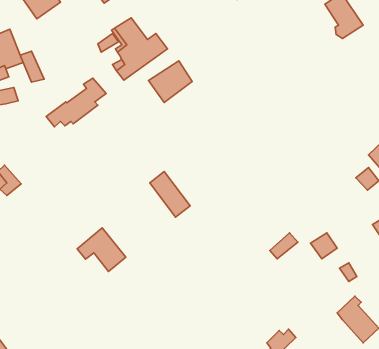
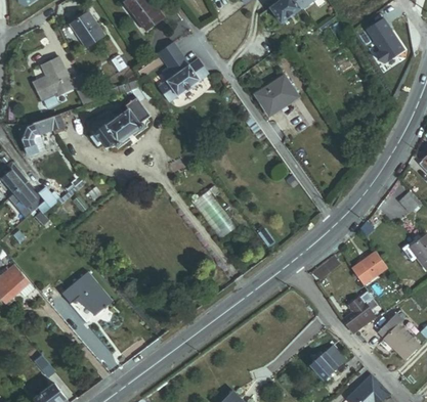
building: [149,61,192,102] -> [253,74,296,115]
building: [77,228,126,272] -> [61,272,110,315]
building: none -> [341,293,375,332]

